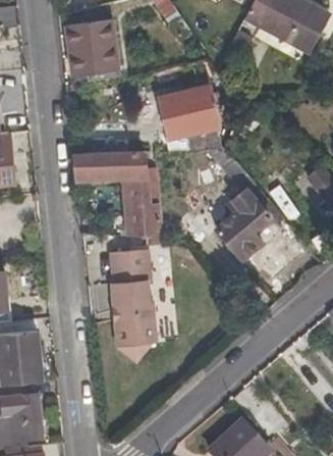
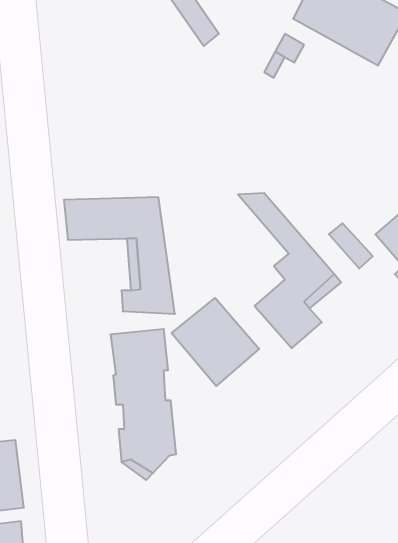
building: [65,19,119,75] -> none
building: [160,86,222,148] -> none
building: none -> [172,298,259,386]

